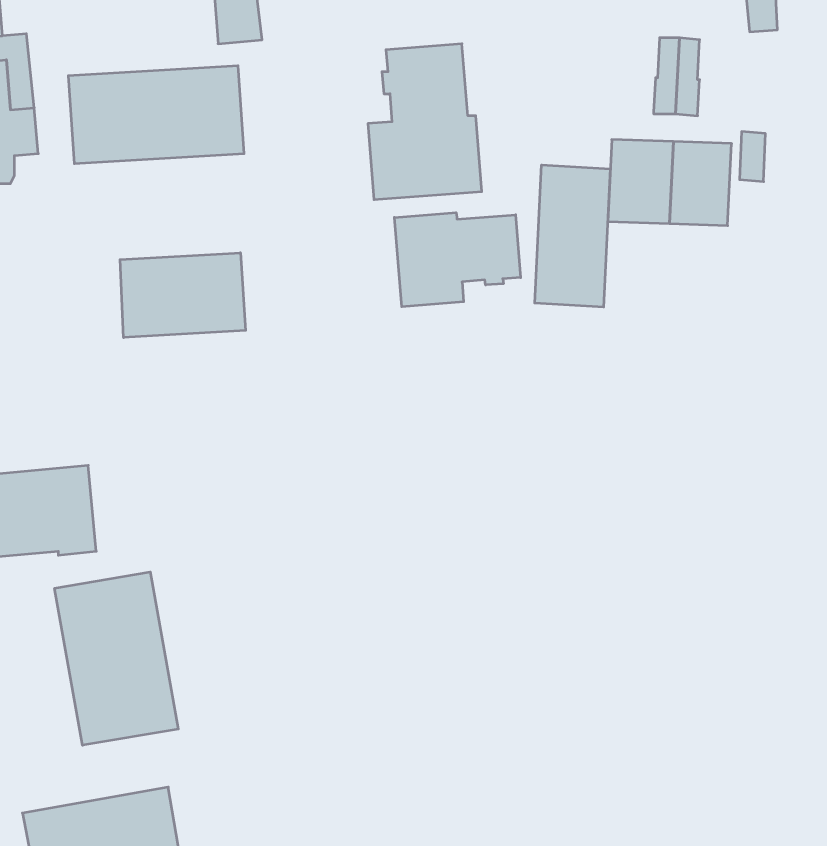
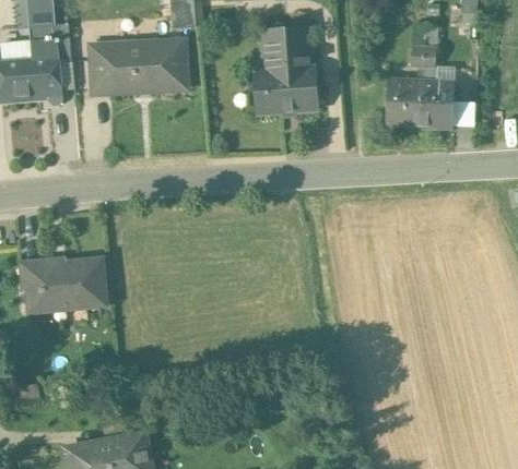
building: [535,165,610,307] -> none
building: [394,213,521,307] -> none
building: [120,253,246,338] -> none
building: [55,572,178,745] -> none

